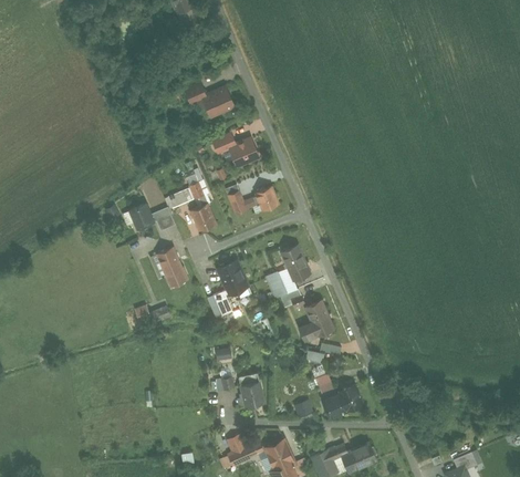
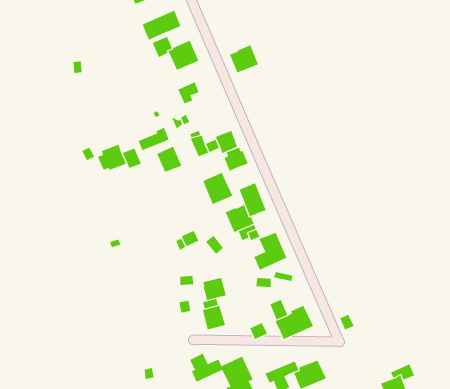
building: none -> [142,10,181,41]
building: [228,136,261,168] -> [229,45,259,73]
building: none -> [224,147,248,171]
building: [148,247,188,290] -> none
building: [216,260,250,297] -> [202,172,233,205]
building: none -> [203,277,226,301]

